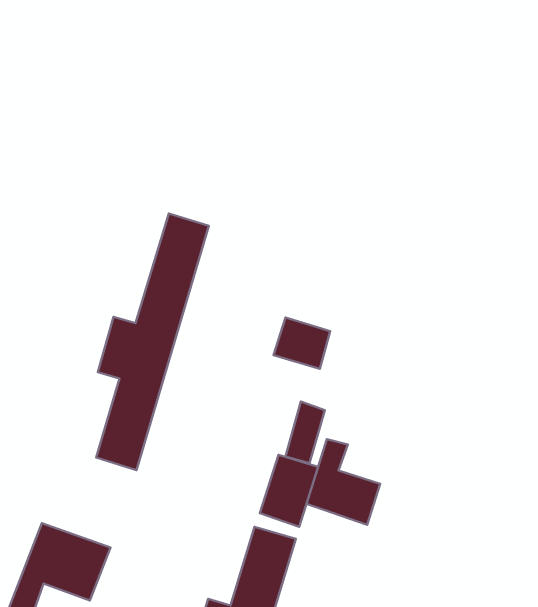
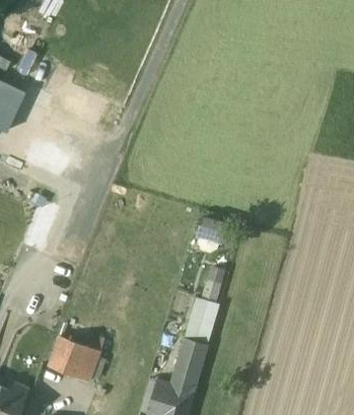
building: [96,214,209,470] -> none
building: [306,439,380,525] -> none

